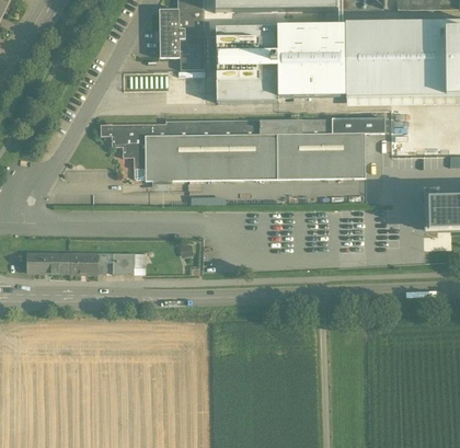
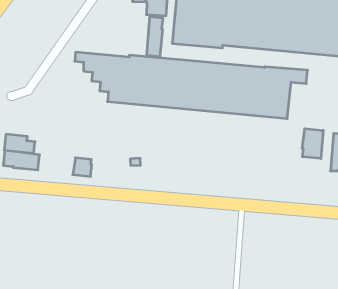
building: none -> [147,16,163,57]
building: none -> [302,129,323,159]
building: [70,253,106,273] -> [4,134,35,153]

